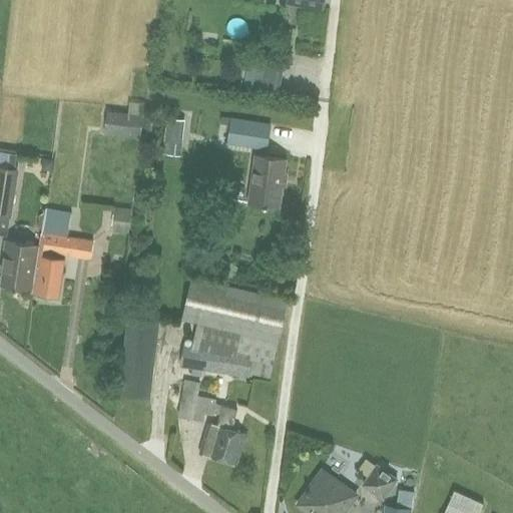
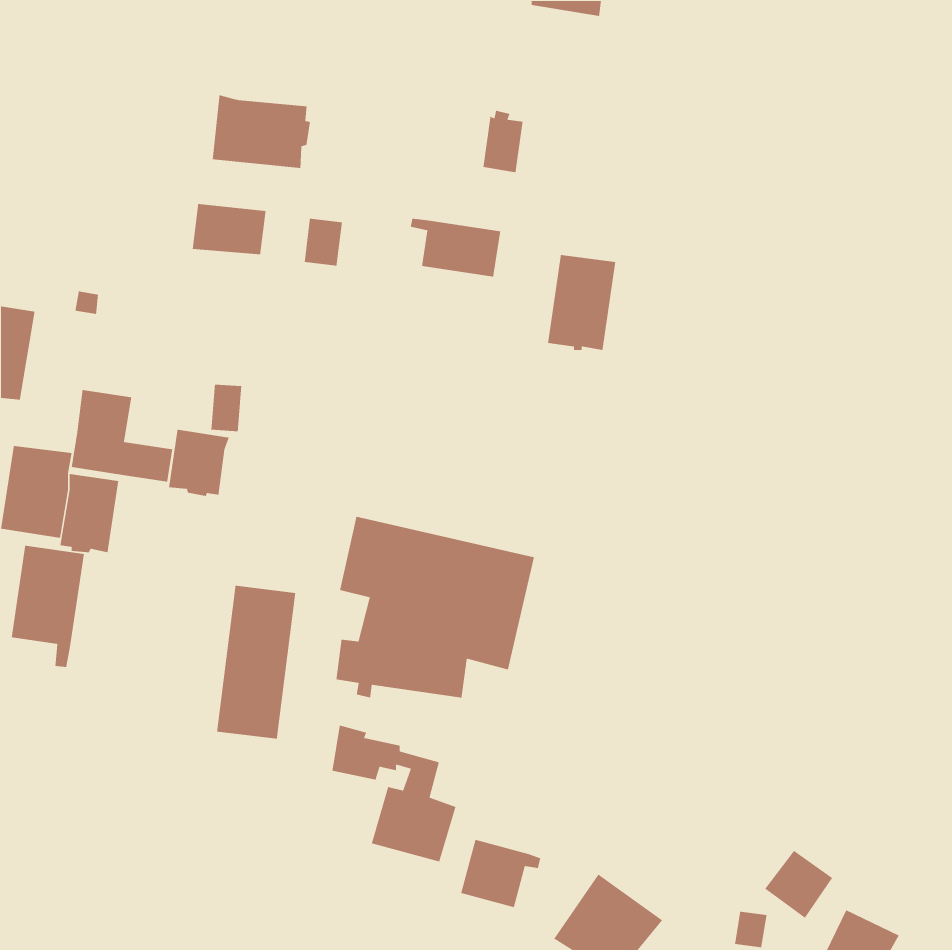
building: none -> [212,94,311,169]
building: [248,156,286,208] -> [547,254,616,351]
building: none -> [168,429,230,497]
building: none -> [11,545,85,668]
building: none -> [460,839,541,908]
building: [361,464,398,501] -> [764,850,833,919]

